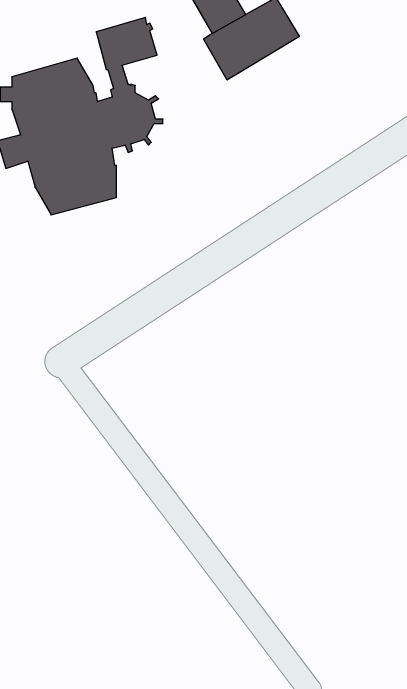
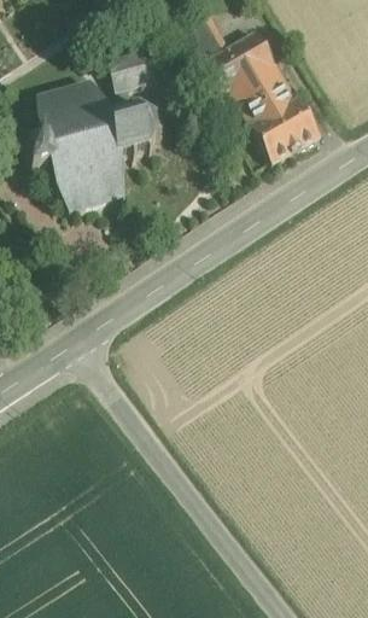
building: none -> [230,60,321,162]

